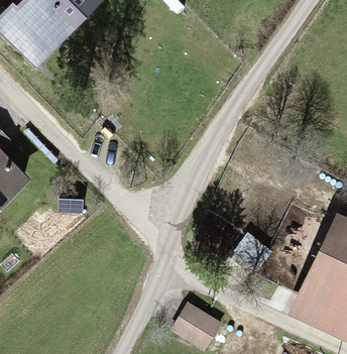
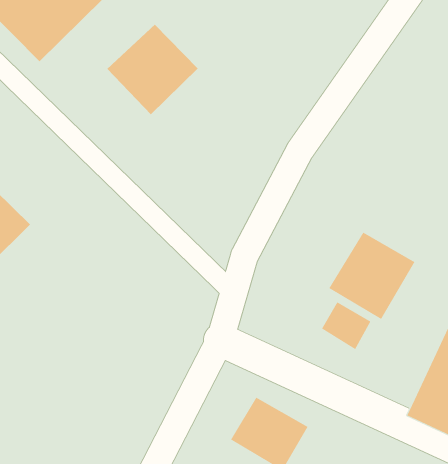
building: none -> [107,24,199,115]
building: none -> [328,232,415,320]

